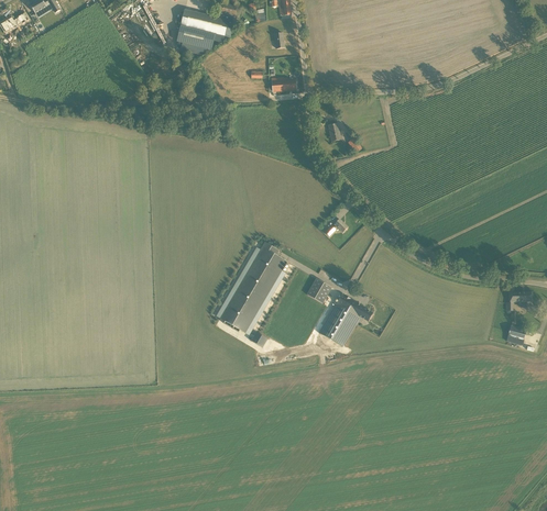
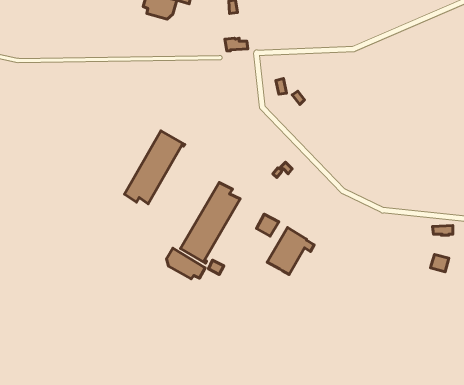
building: none -> [125,131,185,204]
building: none -> [167,248,205,279]

